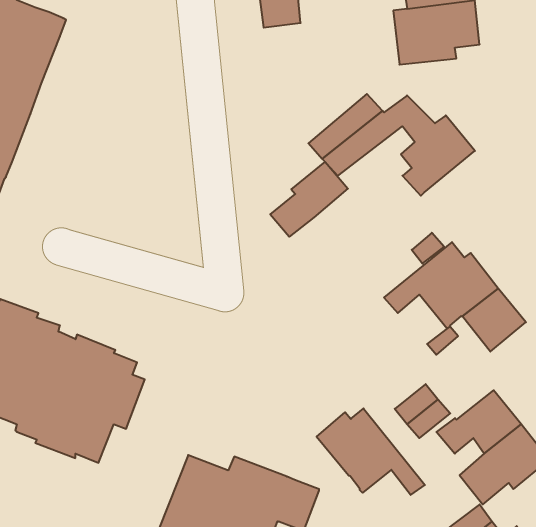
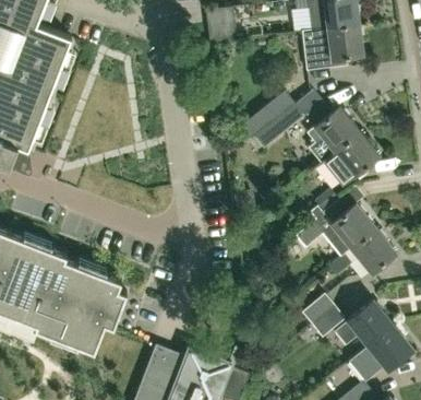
building: none -> [324,131,380,185]
building: [270,162,348,237] -> none
building: [317,408,425,495] -> none

